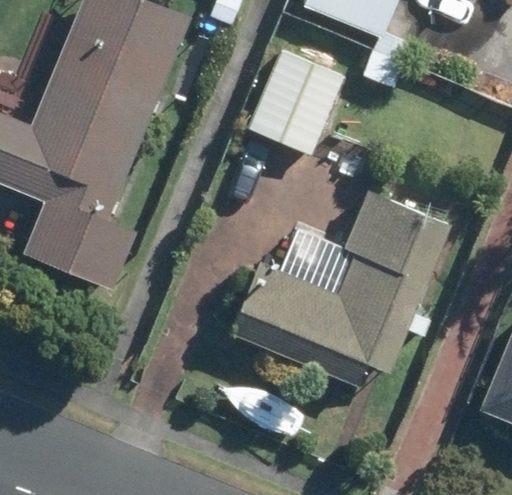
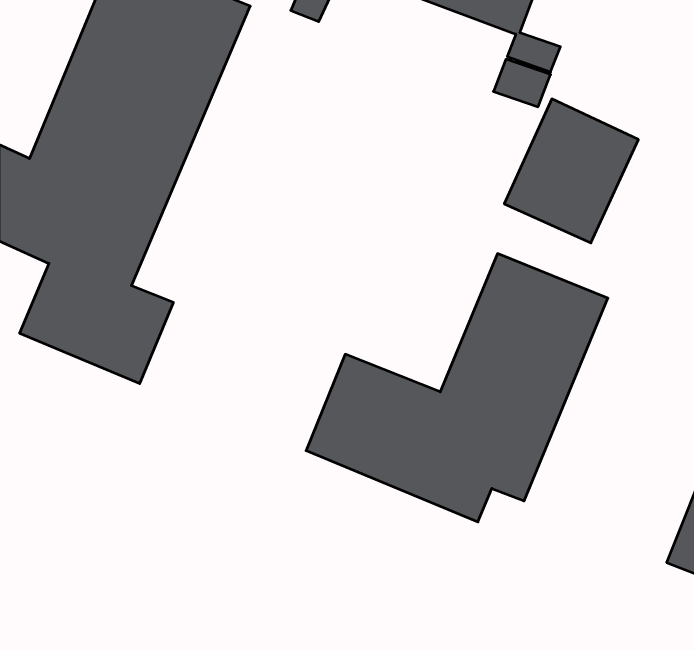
building: [256,52,352,155] -> [504,99,638,243]

